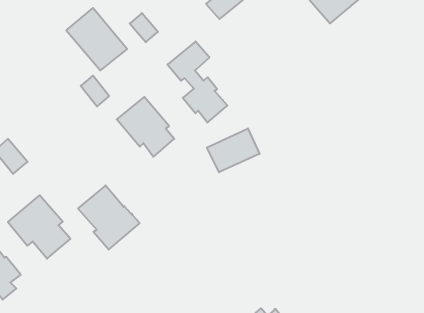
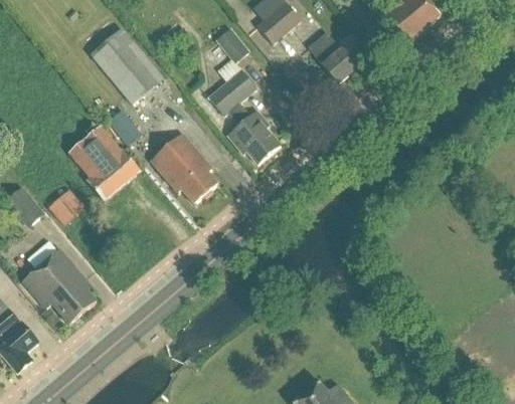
building: none -> [308,32,365,83]
building: [130,13,158,42] -> [216,28,249,62]
building: [207,128,260,172] -> none
building: none -> [47,188,83,223]
building: [78,185,140,250] -> [67,126,140,201]

